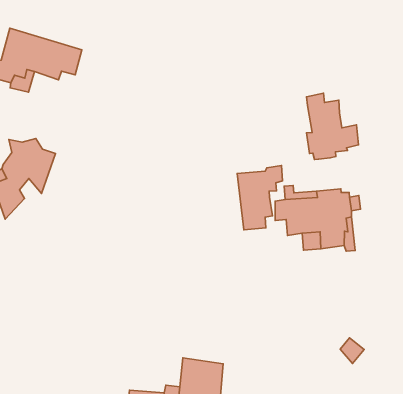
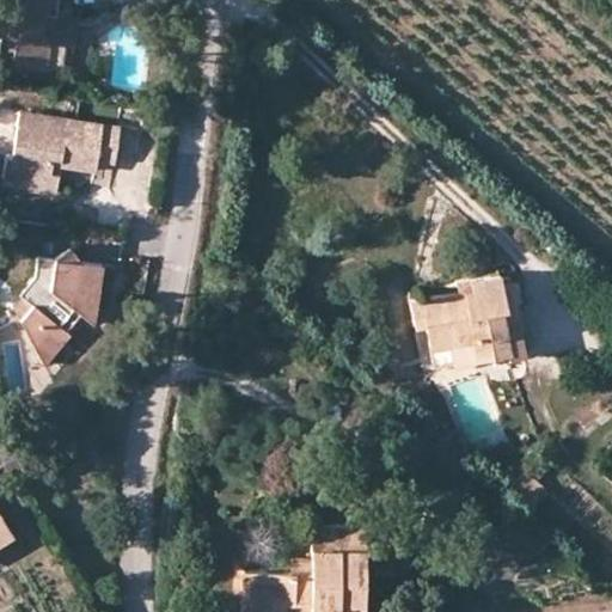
building: [307,93,359,160] -> none
building: [237,165,283,230] -> none

